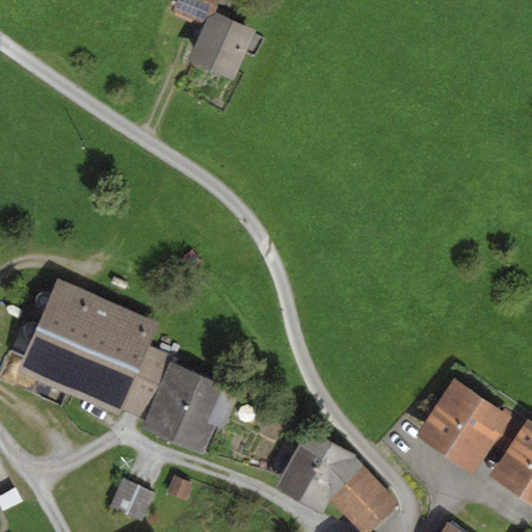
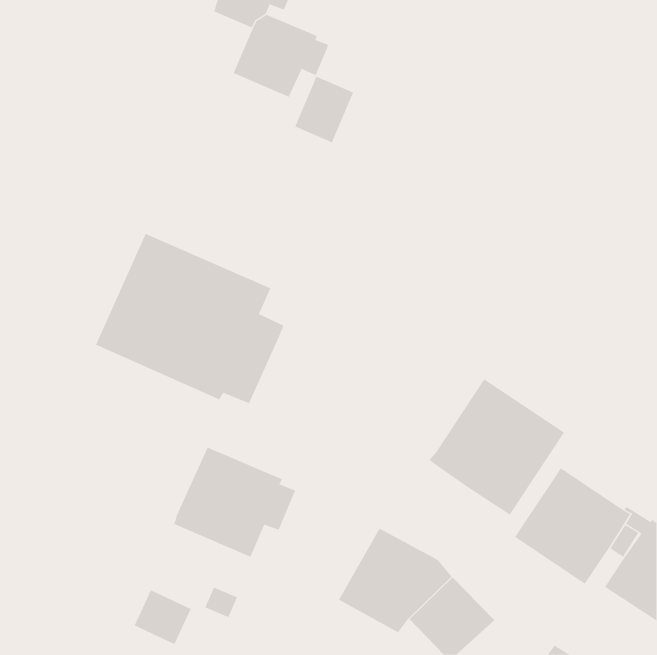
building: none -> [294,76,354,143]
building: [18,278,170,417] -> [95,233,284,404]
building: none -> [428,379,565,515]

